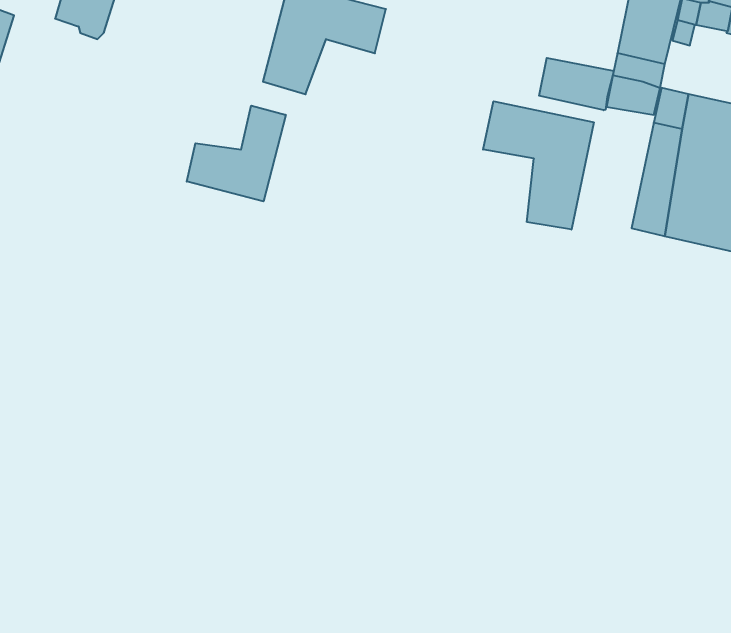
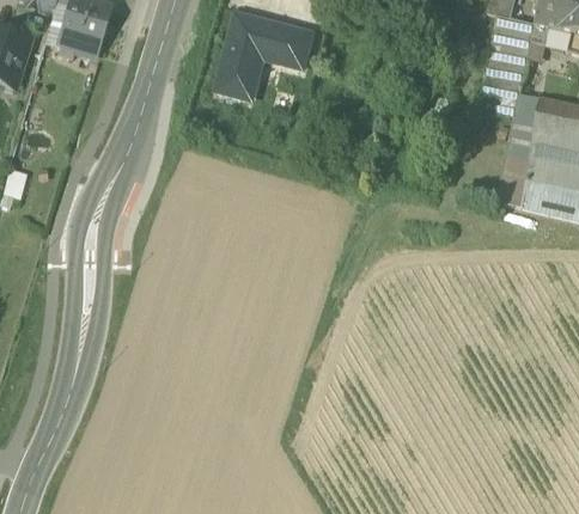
building: [539,58,614,110] -> none
building: [483,101,594,230] -> none
building: [187,106,286,201] -> none

